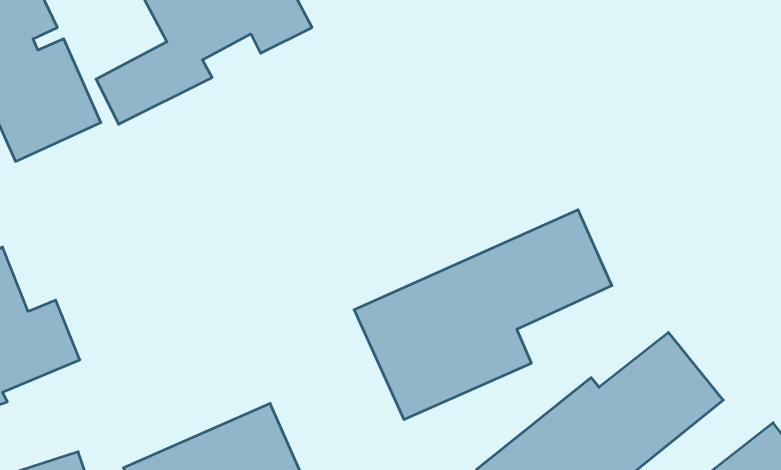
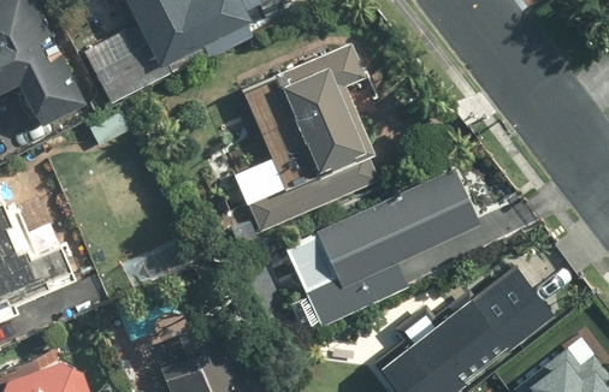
building: none -> [246,38,388,230]

